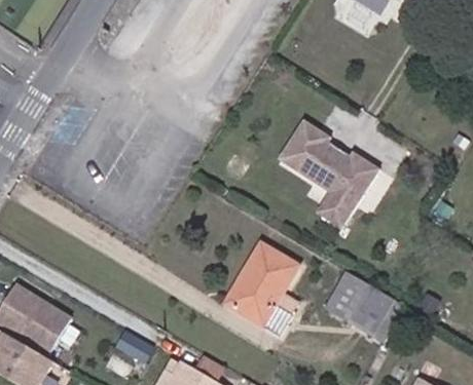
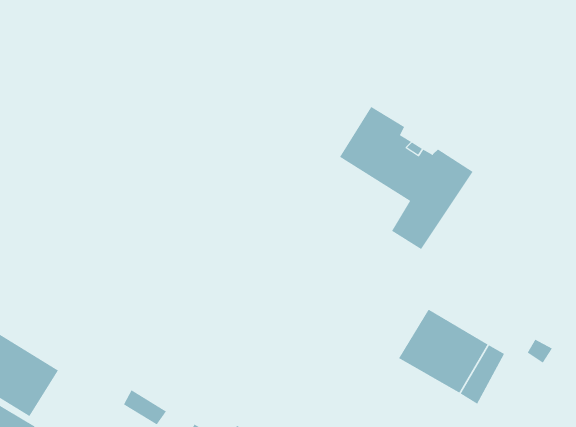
building: [225,243,298,336] -> none

